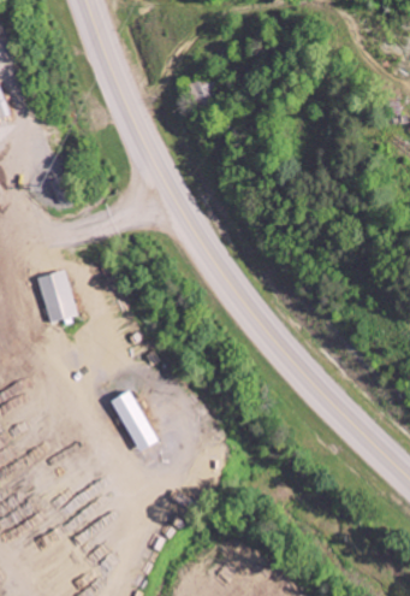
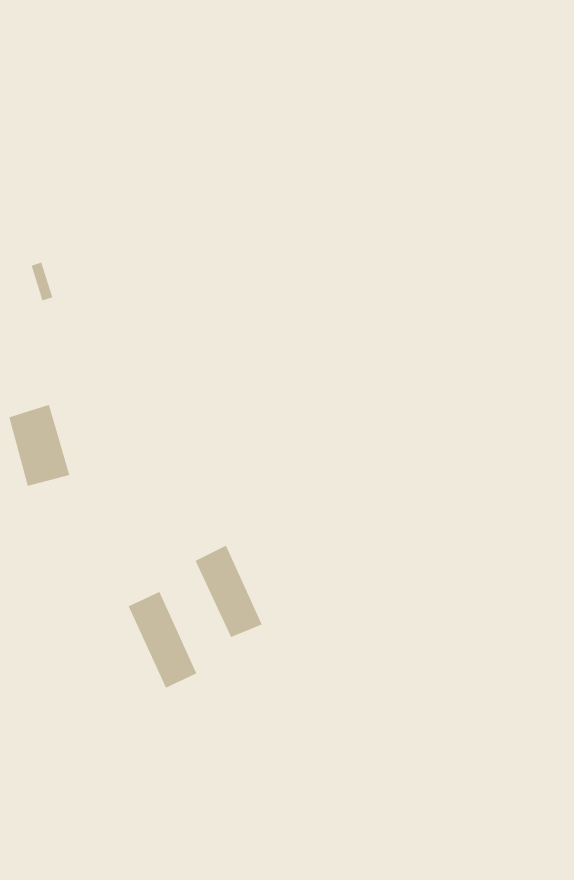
building: none -> [195,545,262,638]

